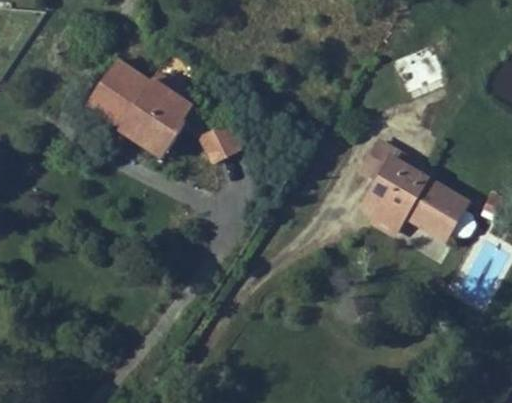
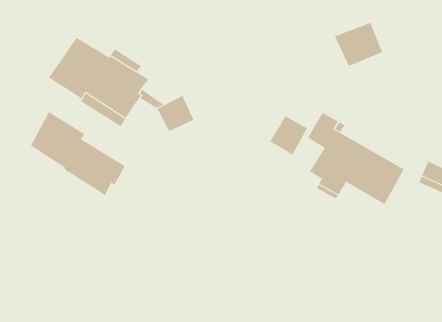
building: none -> [30,111,126,196]
building: none -> [270,115,308,155]

